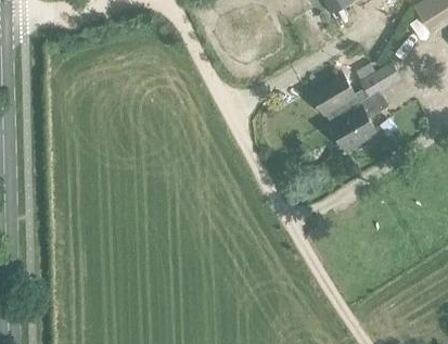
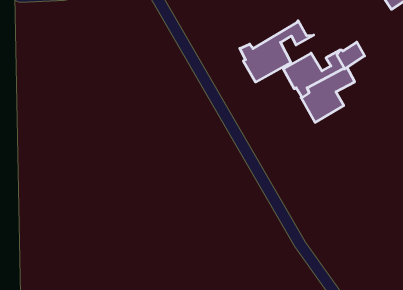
building: none -> [240,21,314,82]

